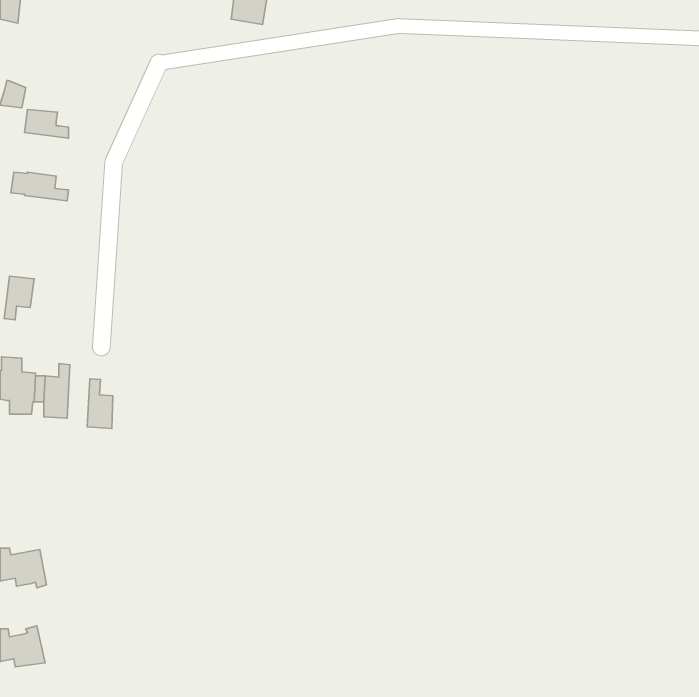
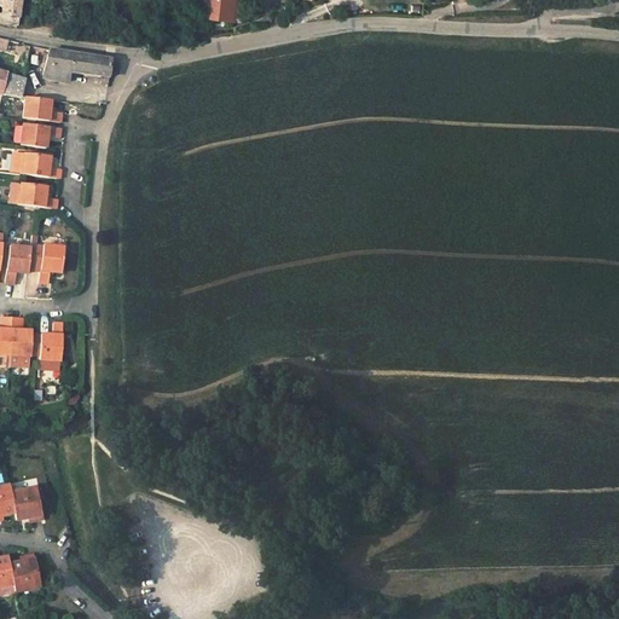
building: none -> [42,48,111,82]
building: none -> [19,123,60,147]
building: none -> [8,181,57,208]
building: none -> [37,244,63,283]
building: [87,379,113,428] -> none

